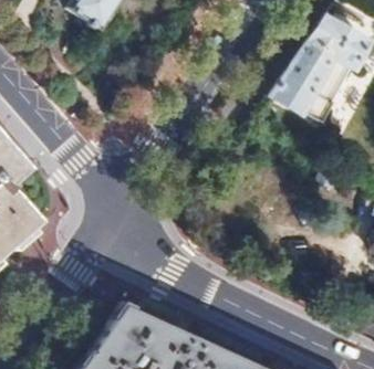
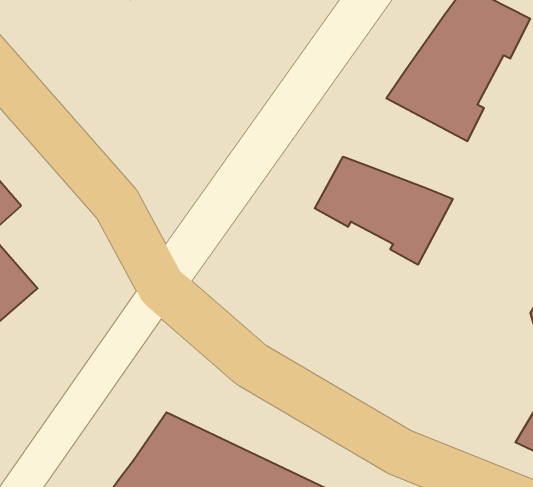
building: none -> [315,157,453,265]

